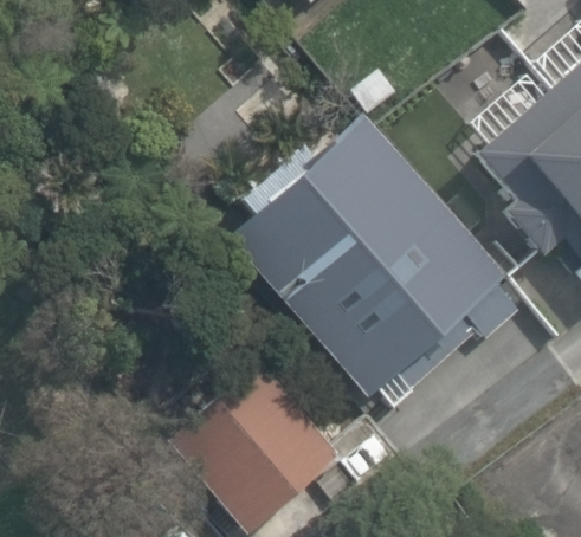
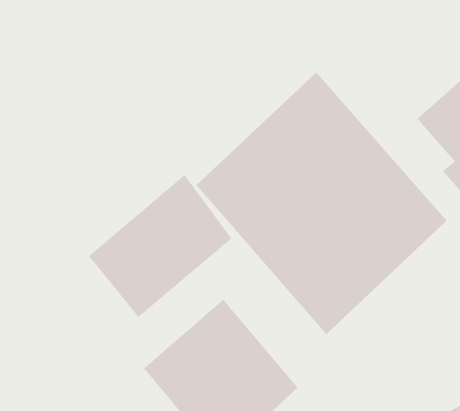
building: none -> [88,174,232,318]

